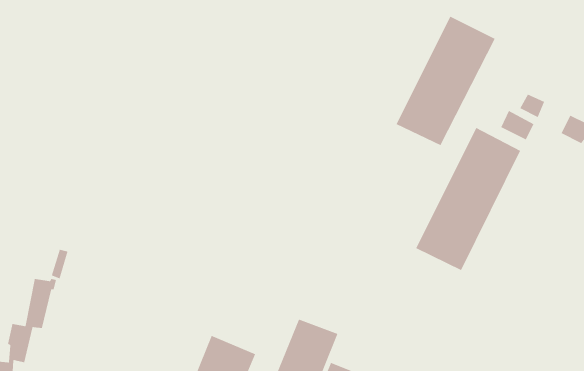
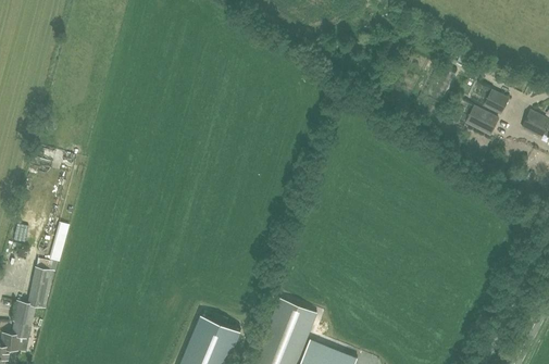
building: [395,16,496,146] -> none
building: [415,127,521,271] -> none

